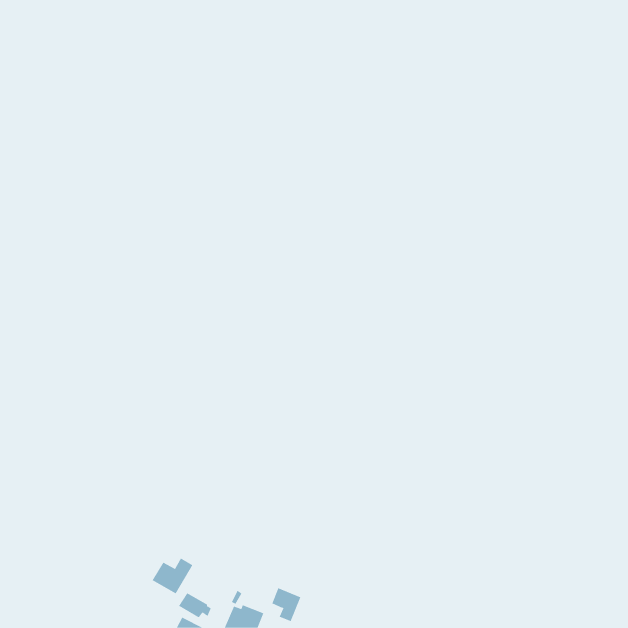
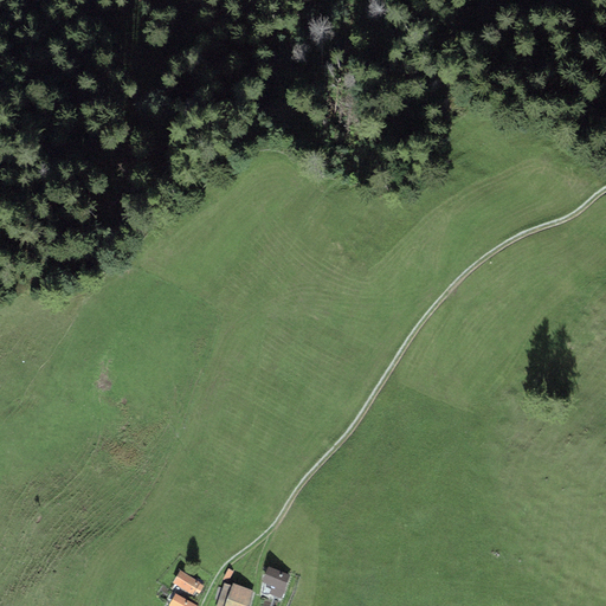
building: [152,558,193,594] -> none

